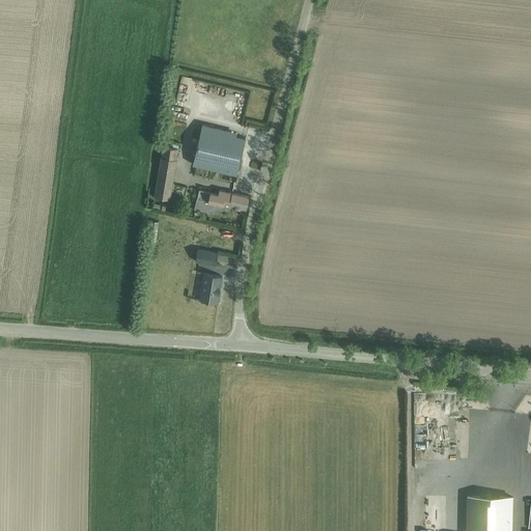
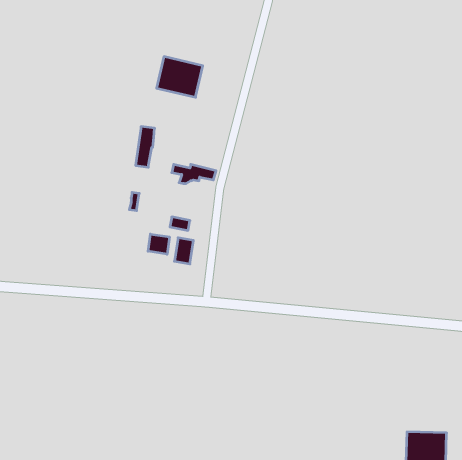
building: [192,129,245,175] -> [157,57,203,97]
building: none -> [148,234,169,254]

